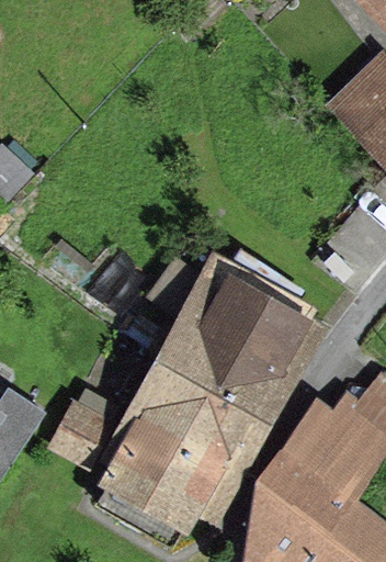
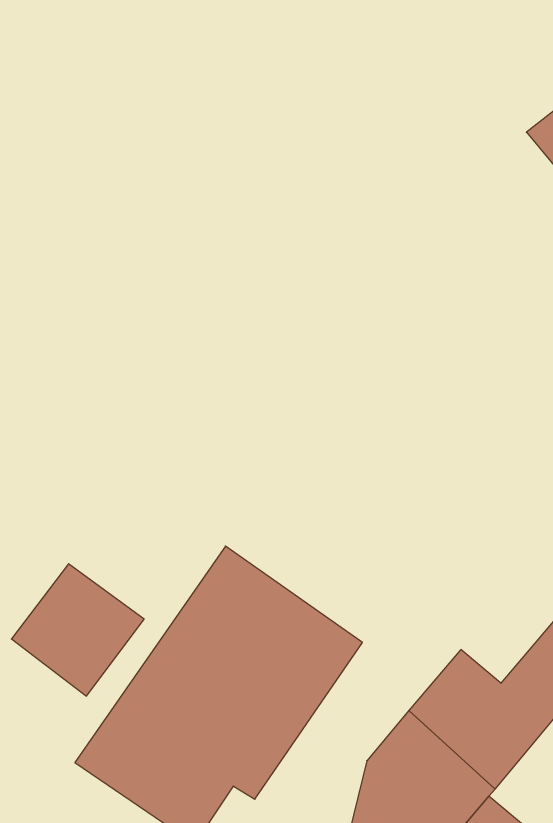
building: [173,265,309,414] -> none

